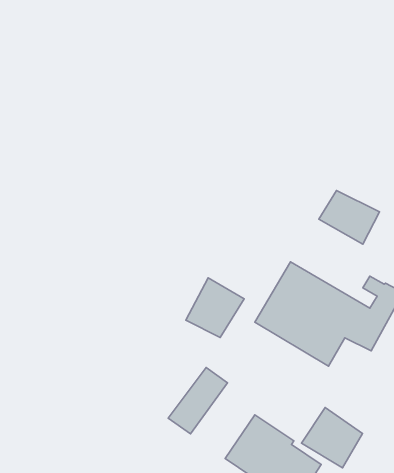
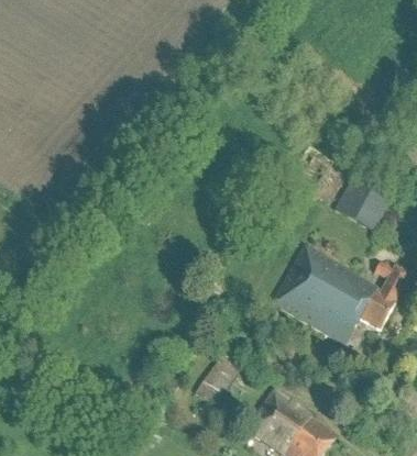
building: [186,278,244,338] -> none
building: [301,408,362,468] -> none

